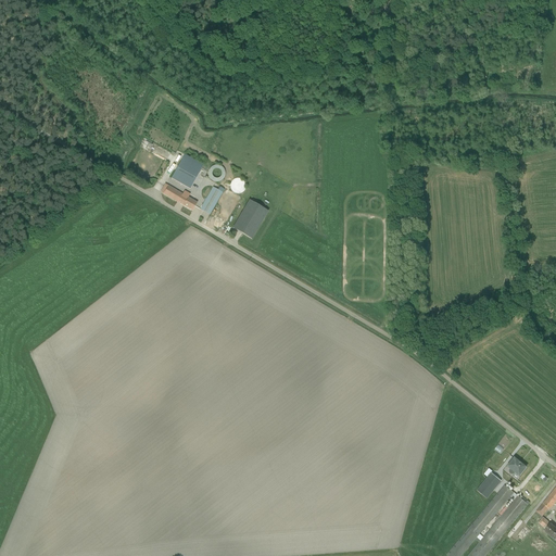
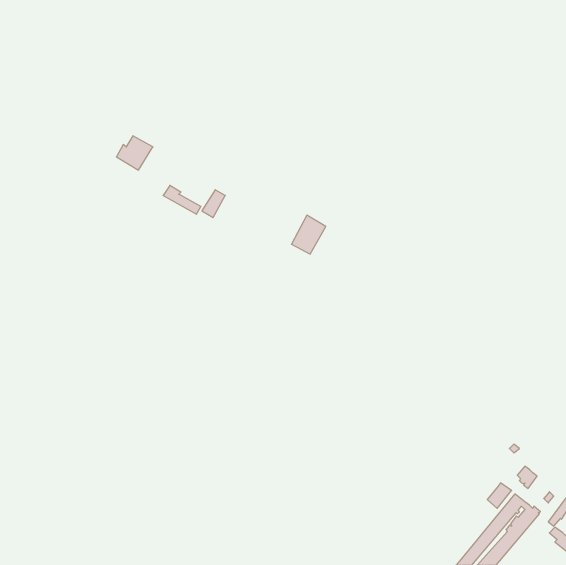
building: [168,154,204,188] -> [116,136,153,170]
building: [235,198,268,236] -> [291,215,326,254]

